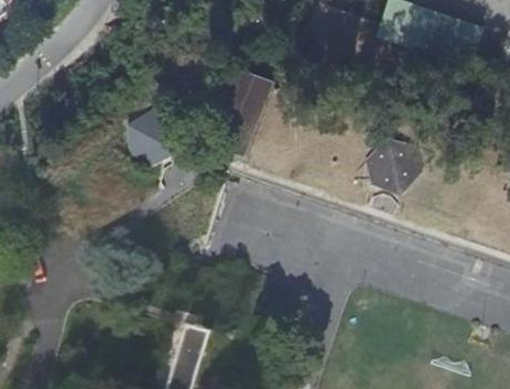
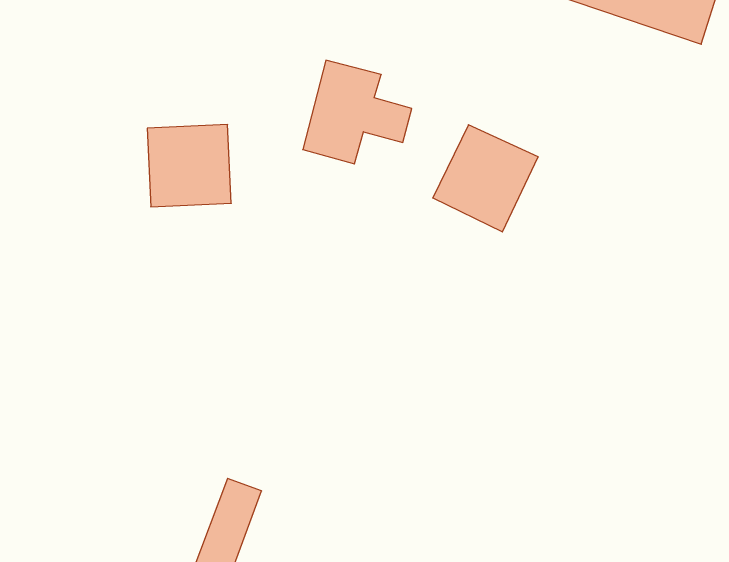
building: [363,134,428,201] -> [433,125,538,232]

